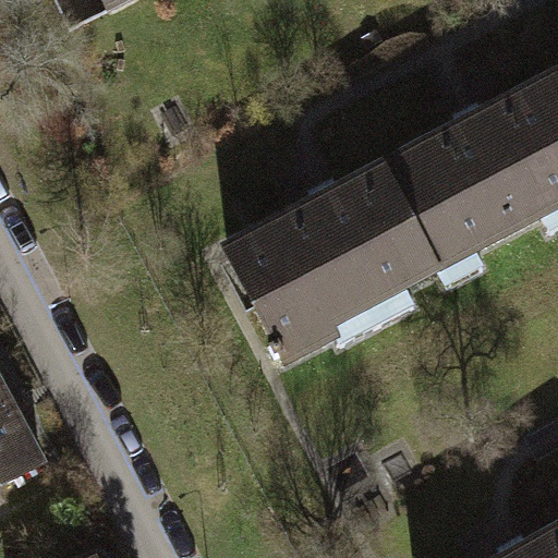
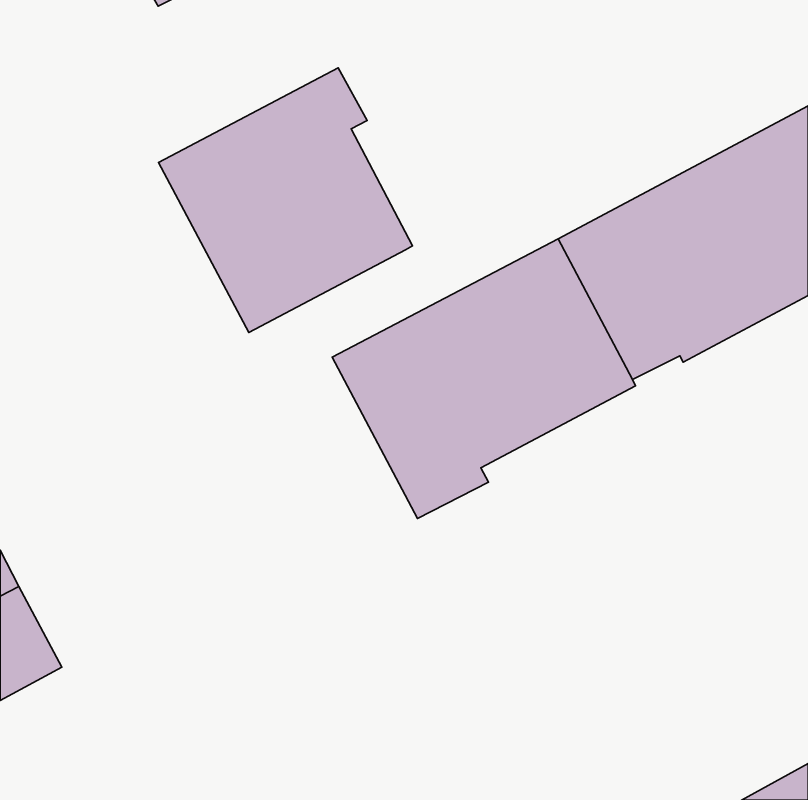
building: none -> [158,68,413,332]

